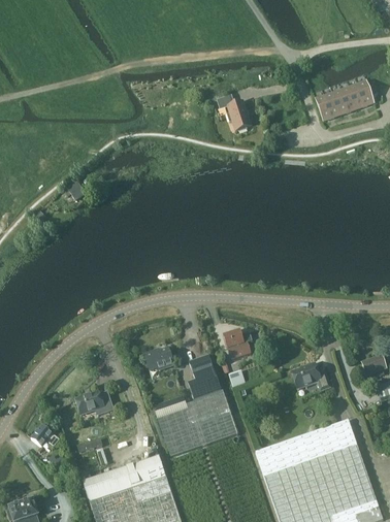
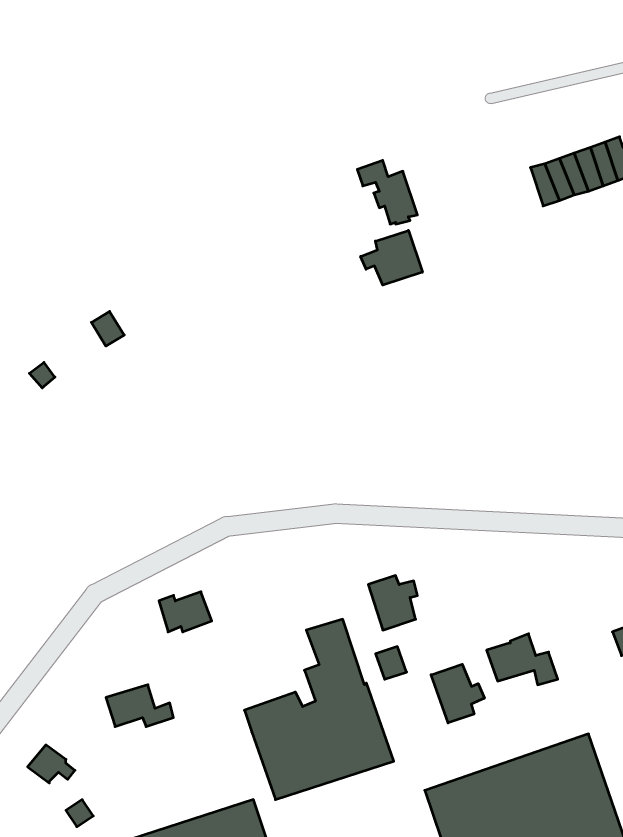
building: none -> [361,230,422,285]
building: [144,350,174,372] -> [159,592,212,632]
building: none -> [431,664,484,723]

